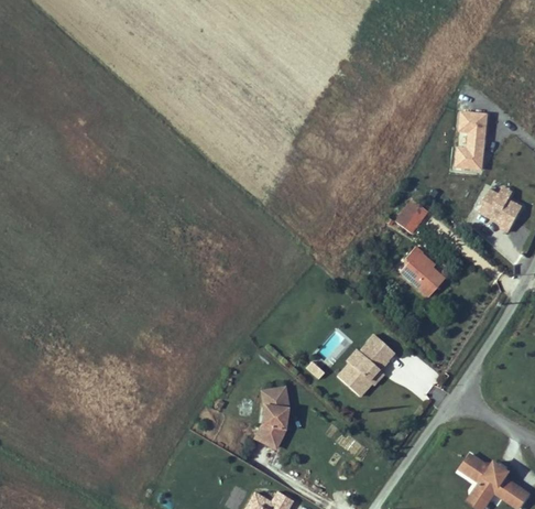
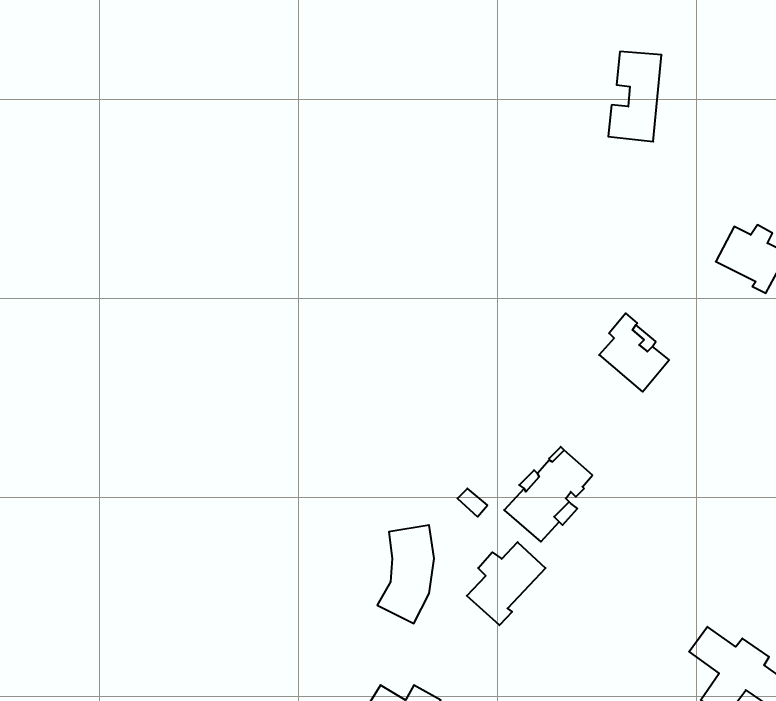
building: [454,111,489,171] -> [608,52,662,142]
building: [393,198,428,234] -> none
building: none -> [467,542,546,625]

